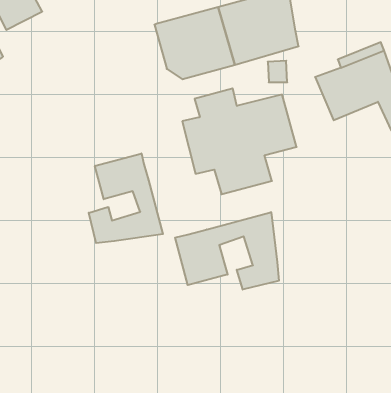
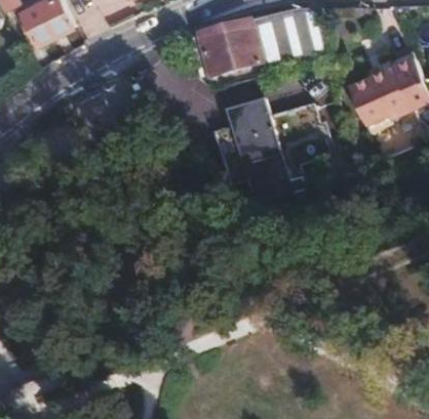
building: [89,153,163,243] -> none
building: [175,212,279,290] -> none

